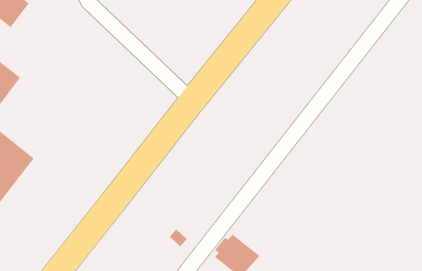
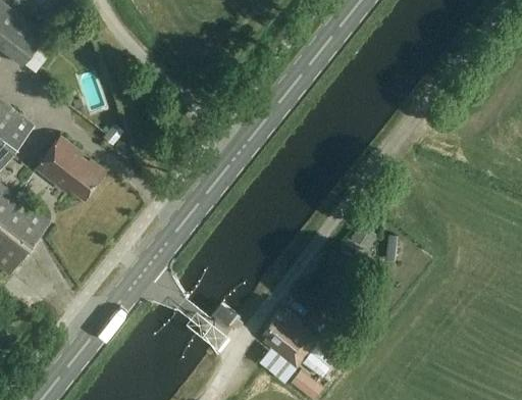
building: none -> [34,138,102,200]

